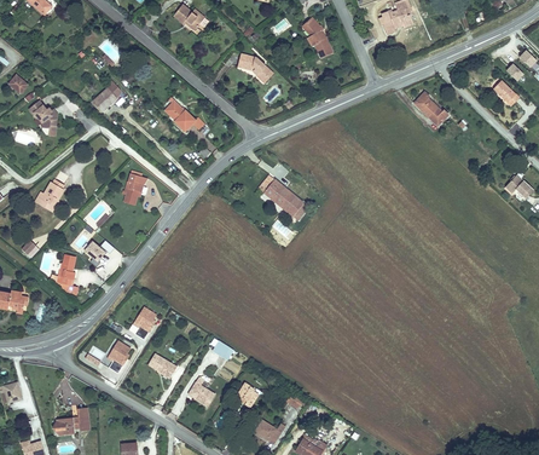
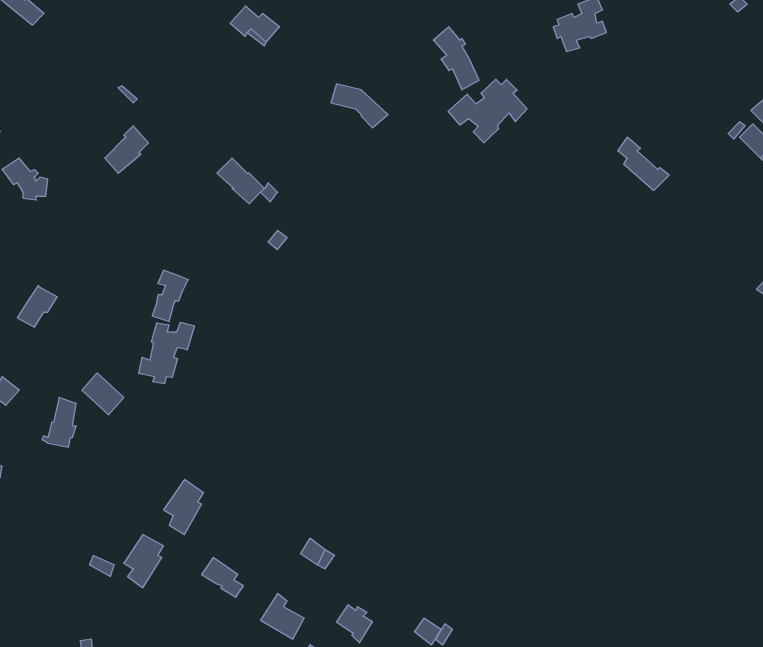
building: none -> [448,79,527,143]
building: [263,177,314,221] -> none
building: none -> [139,322,194,384]

